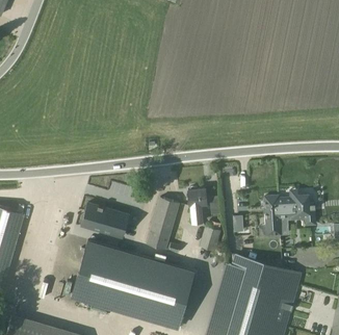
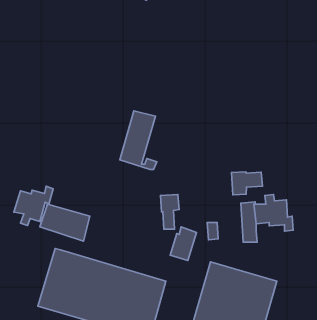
building: none -> [232,172,263,195]
building: none -> [14,186,53,226]
building: [146,198,181,254] -> [120,111,157,169]

